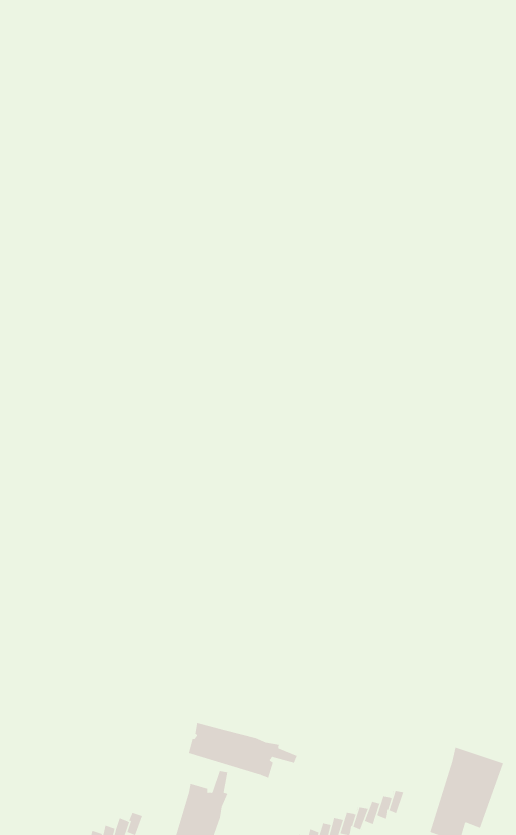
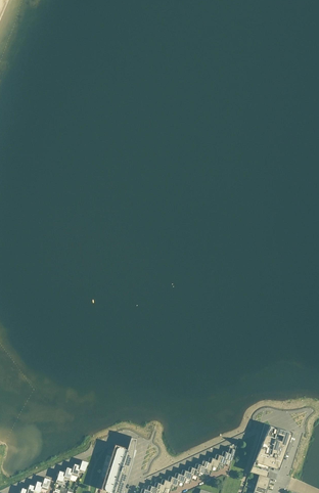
building: [188,722,297,778] -> none

